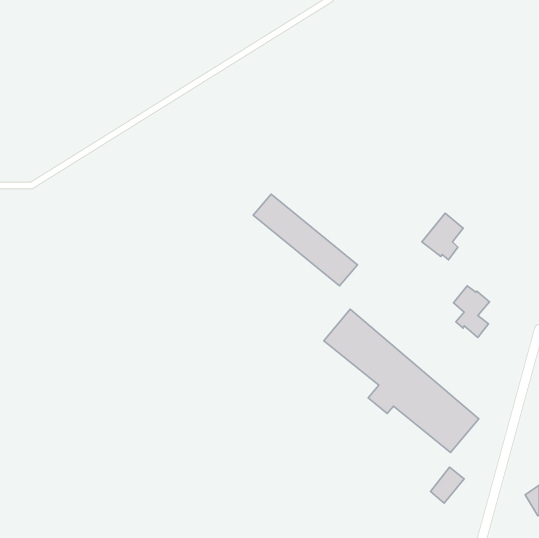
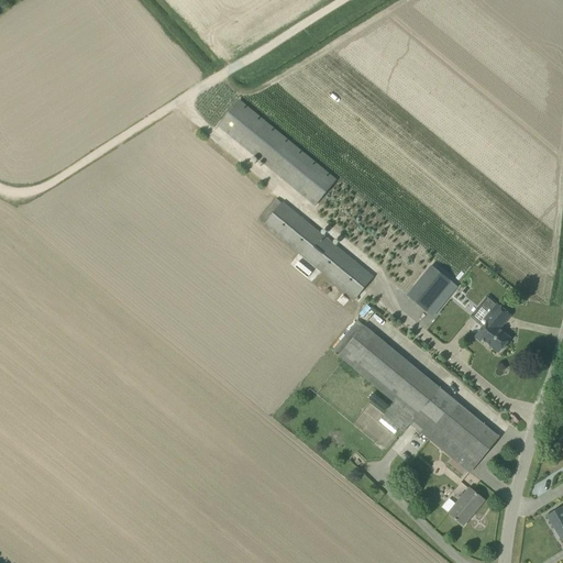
building: none -> [218,99,336,205]
building: [422,213,463,260] -> [407,265,450,313]

